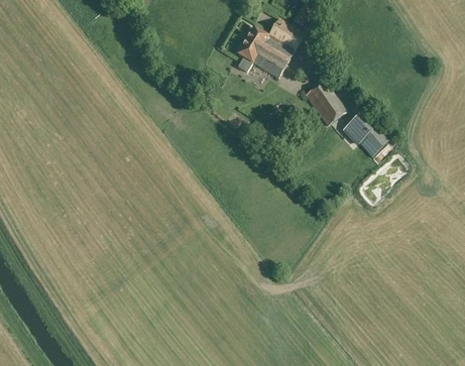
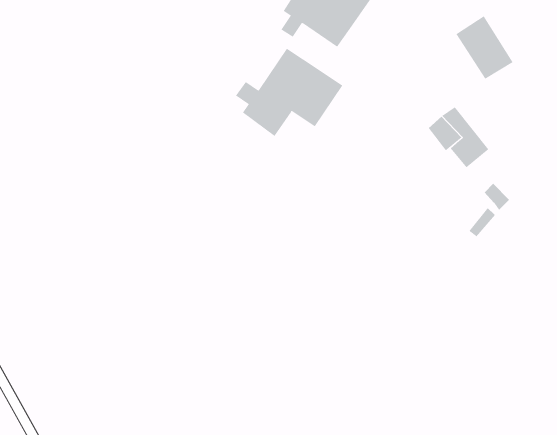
building: none -> [235,48,343,137]
building: [305,81,346,125] -> [455,15,514,79]

